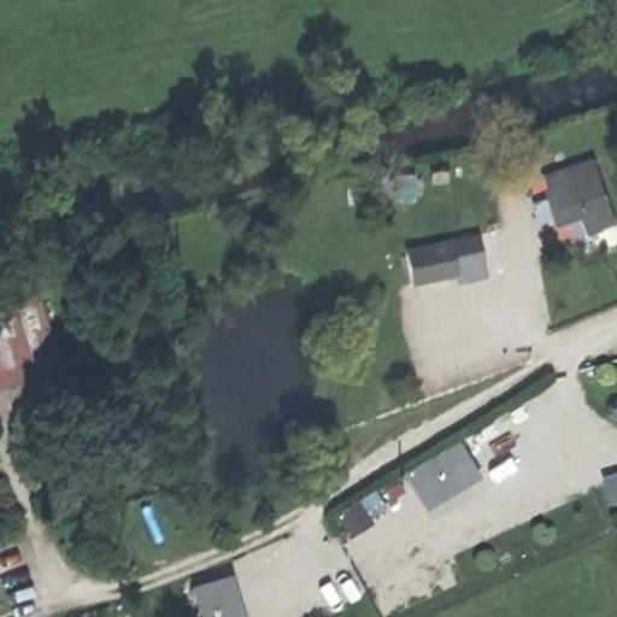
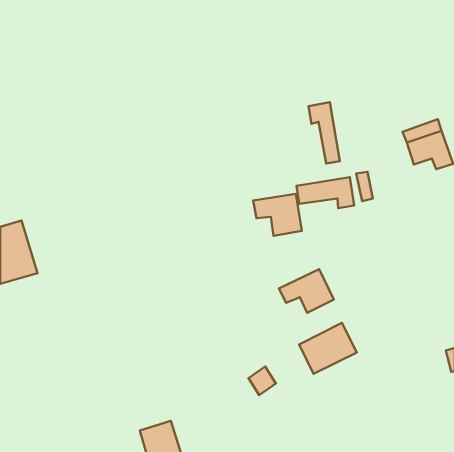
building: none -> [308,102,340,164]
building: none -> [253,194,302,236]
building: none -> [279,269,334,313]

